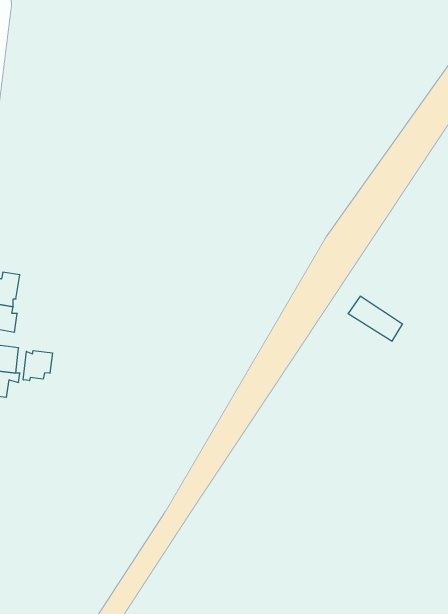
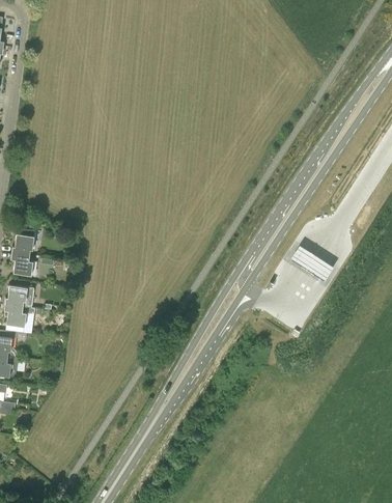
building: [23,351,52,381] -> none

